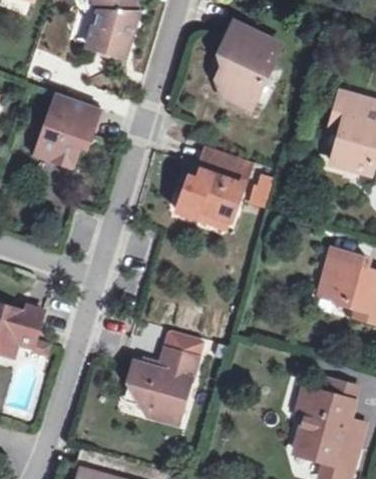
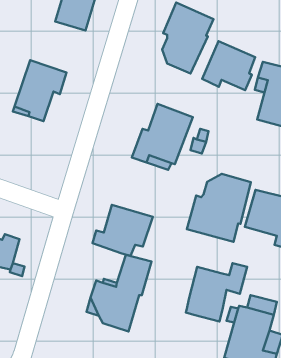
building: none -> [202,41,255,90]
building: none -> [187,174,251,242]
building: none -> [93,205,153,256]
building: none -> [186,263,247,321]

